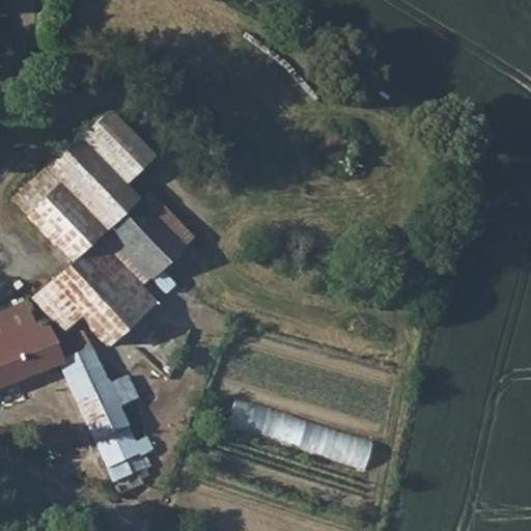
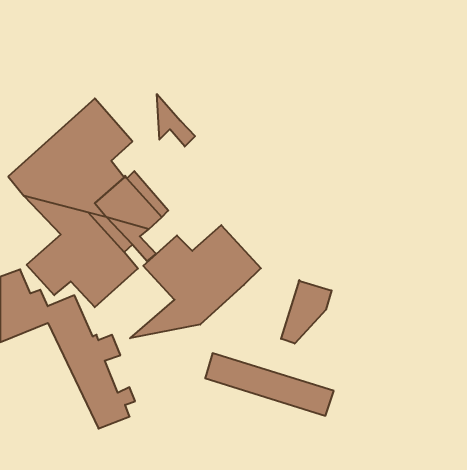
building: none -> [157,94,195,147]
building: none -> [130,225,261,338]
building: none -> [281,280,332,344]

